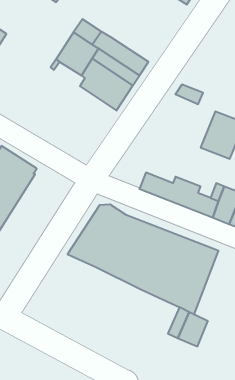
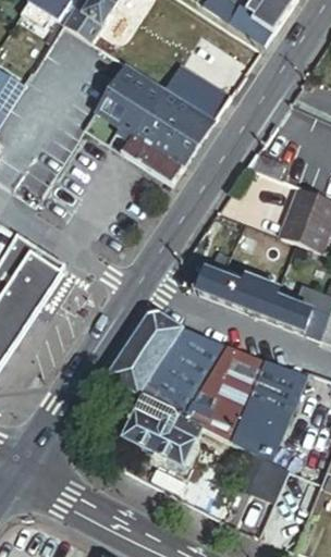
building: none -> [162,64,229,122]
building: none -> [123,396,203,465]

